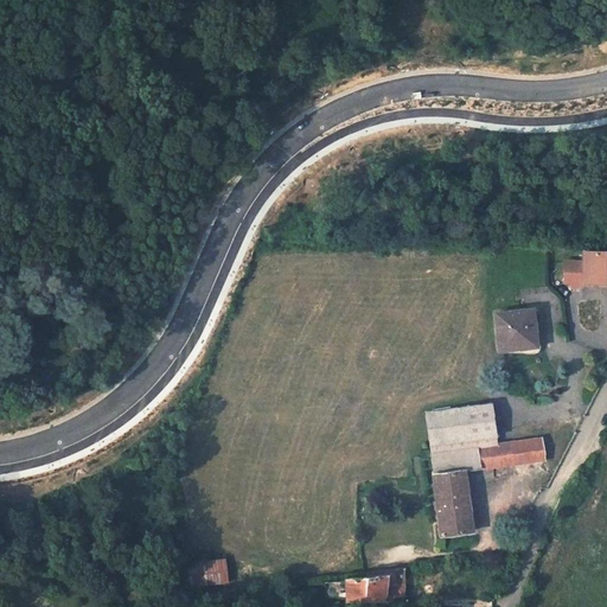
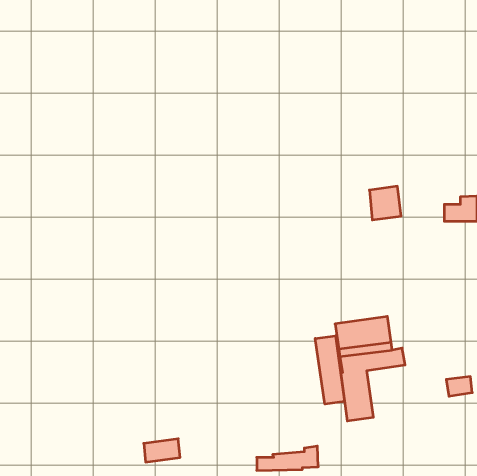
building: [497,308,537,351] -> [369,186,401,220]
building: none -> [315,336,345,404]
building: [511,440,544,465] -> [446,377,472,396]

